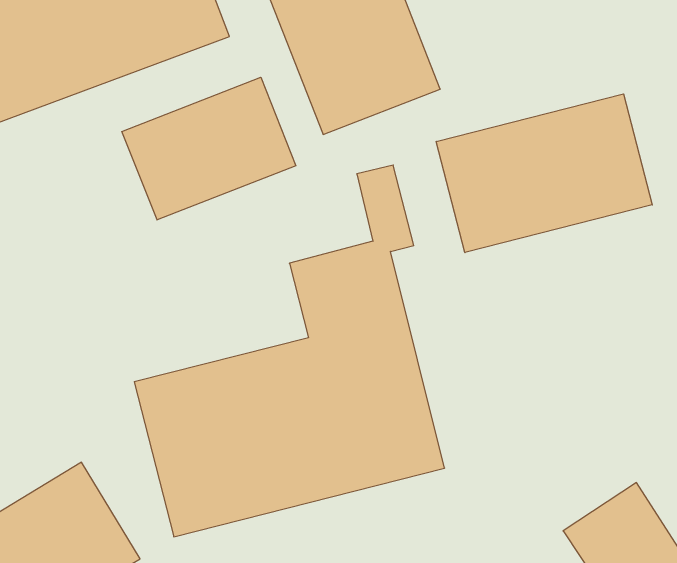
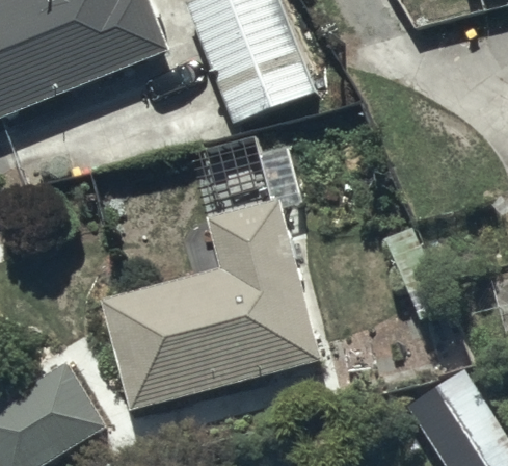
building: [122,77,296,220] -> none
building: [436,94,652,253] -> none

